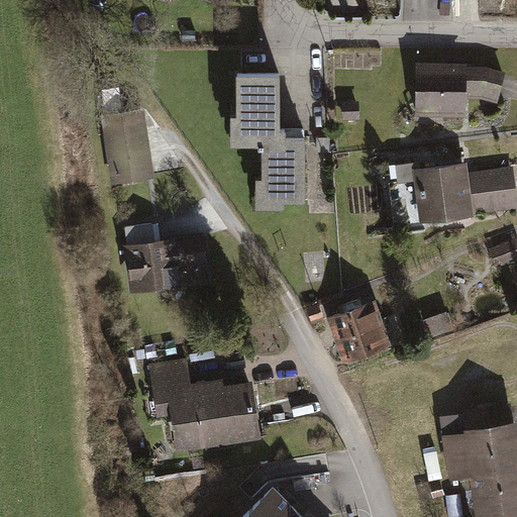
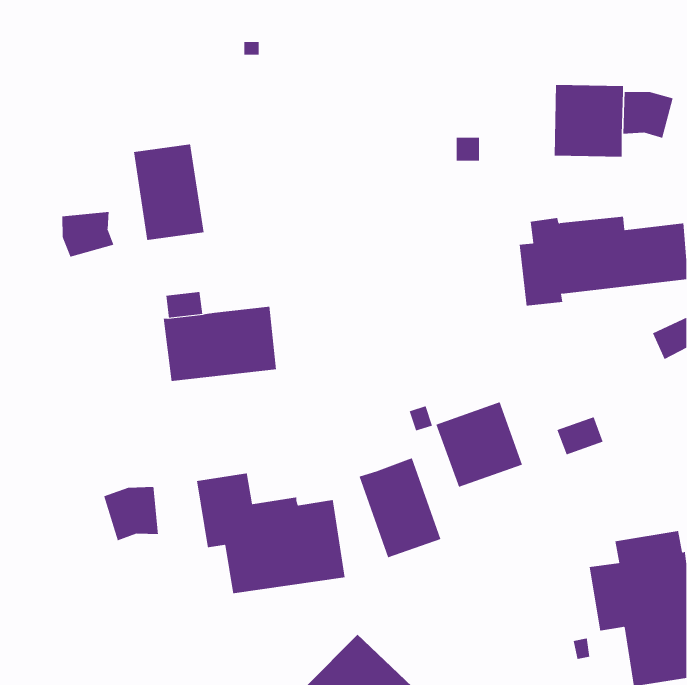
building: [230,75,308,216] -> none
building: none -> [62,211,114,258]
building: none -> [359,457,441,558]
building: none -> [104,486,158,541]

